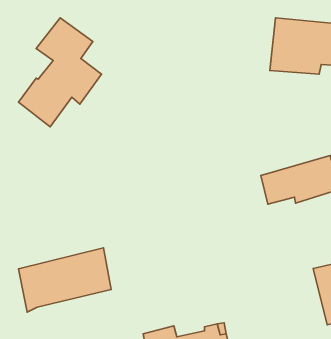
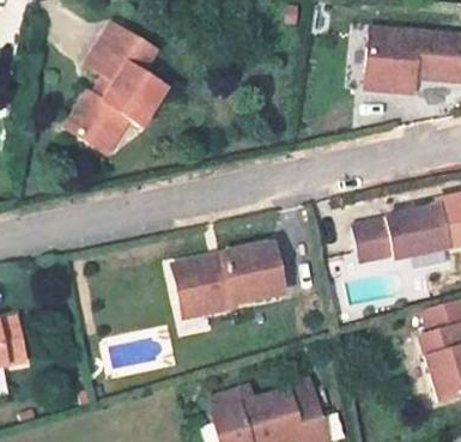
building: [18,248,111,312] -> [172,238,285,316]

